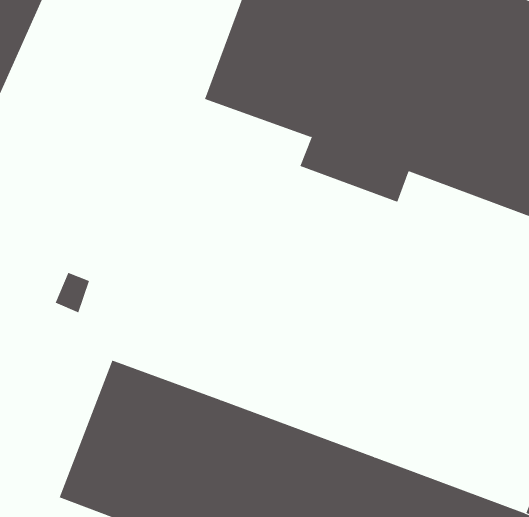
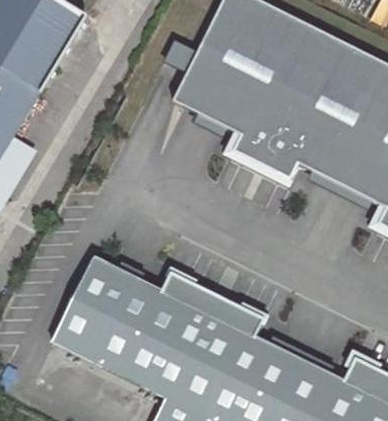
building: none -> [159,271,261,336]

